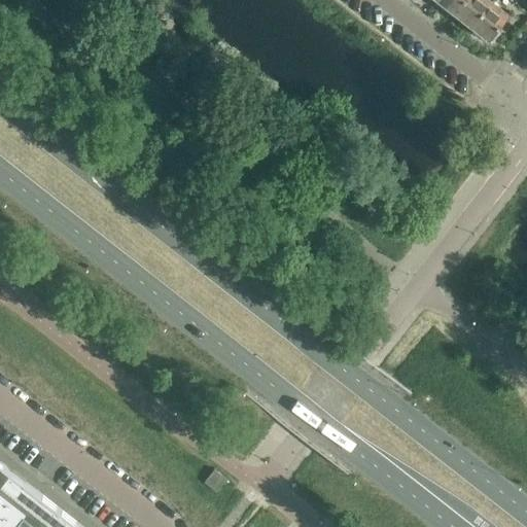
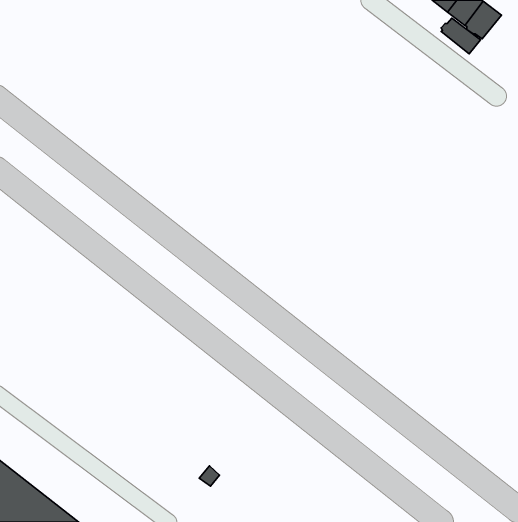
building: none -> [441,18,480,54]

